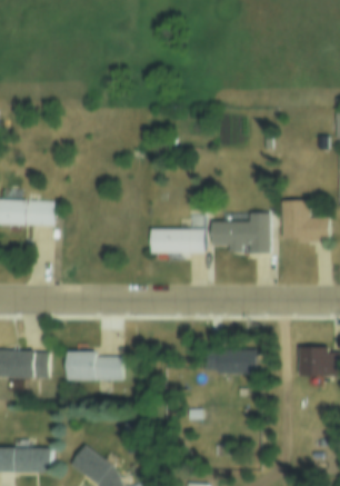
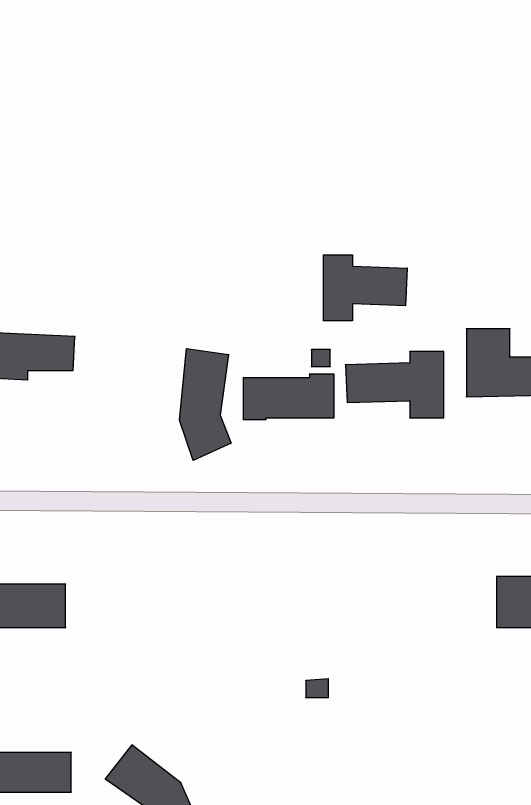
building: none -> [323,255,407,321]
building: none -> [180,349,231,460]
building: [204,347,257,373] -> none
building: [66,351,121,379] -> none

